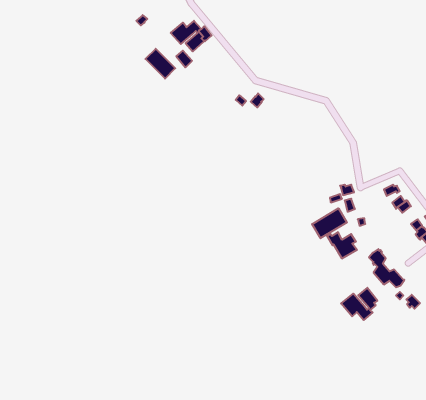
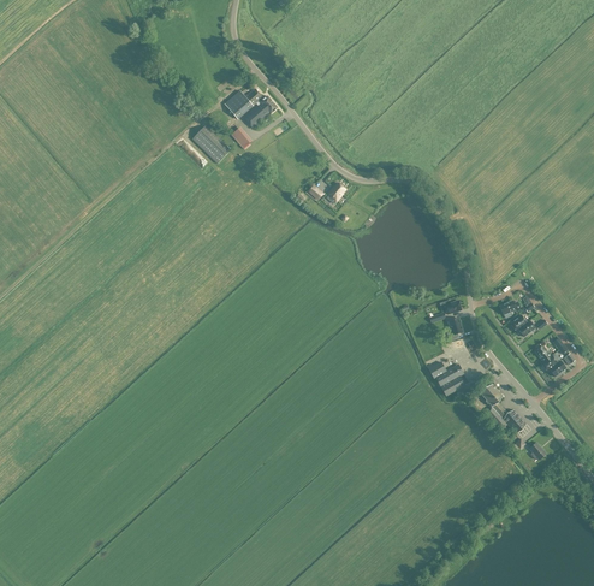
building: [312,208,347,238] -> none
building: [341,288,377,320] -> none

